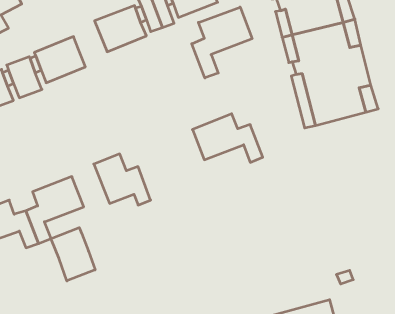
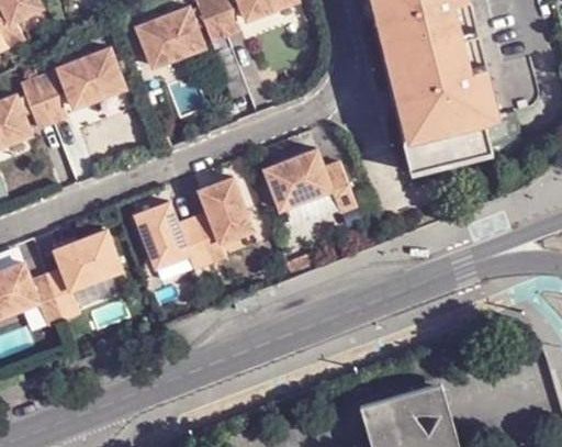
building: [192,7,252,78] -> none
building: none -> [192,178,251,262]
building: [51,228,95,281] -> none

